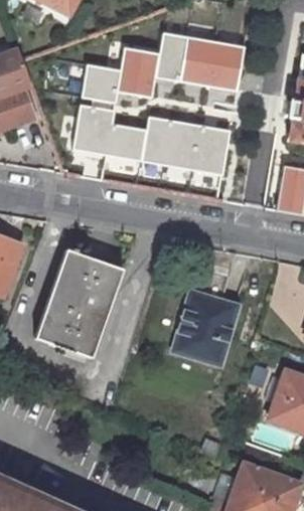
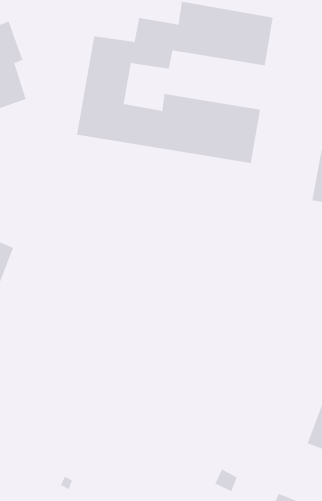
building: [39,251,128,361] -> none
building: [175,290,244,368] -> none

